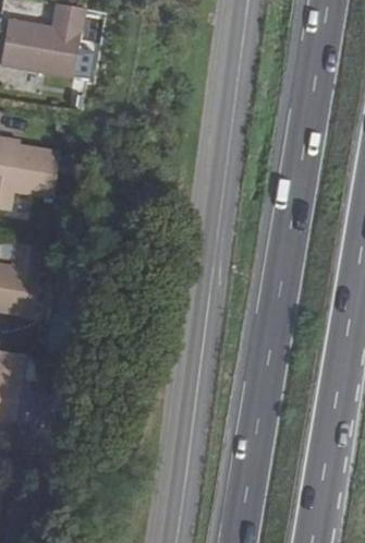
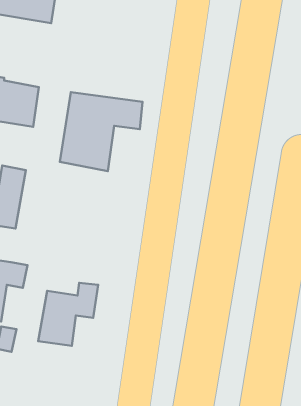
building: none -> [60,92,143,171]
building: none -> [38,283,98,346]

